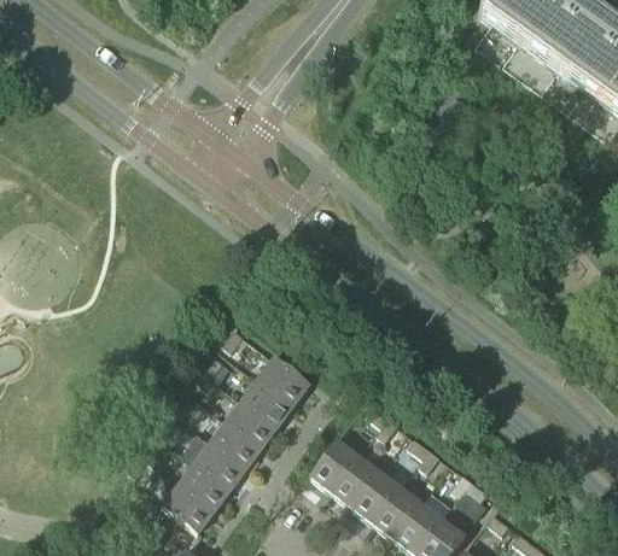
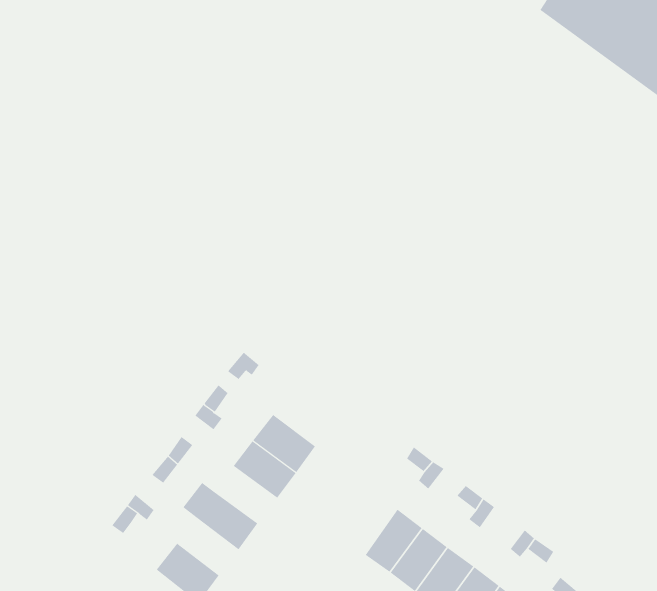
building: [260,357,311,405] -> none
building: [211,421,263,468] -> none
building: [311,439,361,493] -> none
building: [181,463,232,510] -> none

